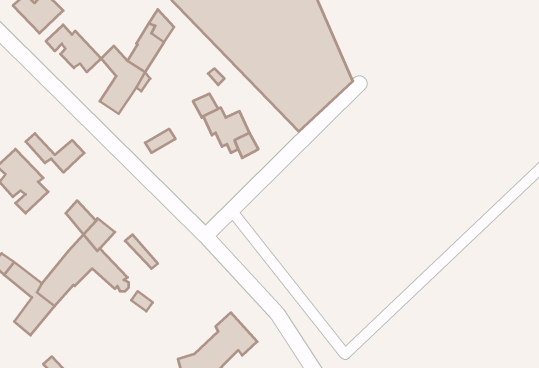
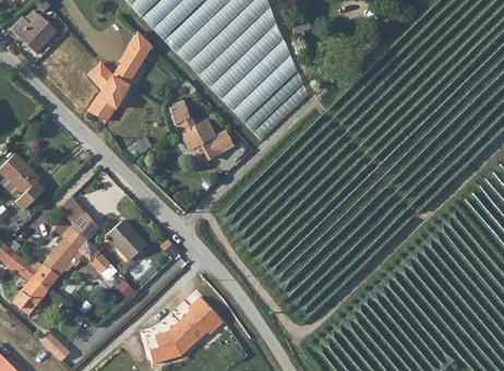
building: [46,25,101,72] -> none
building: [26,133,84,172] -> none
building: none -> [116,217,148,252]

